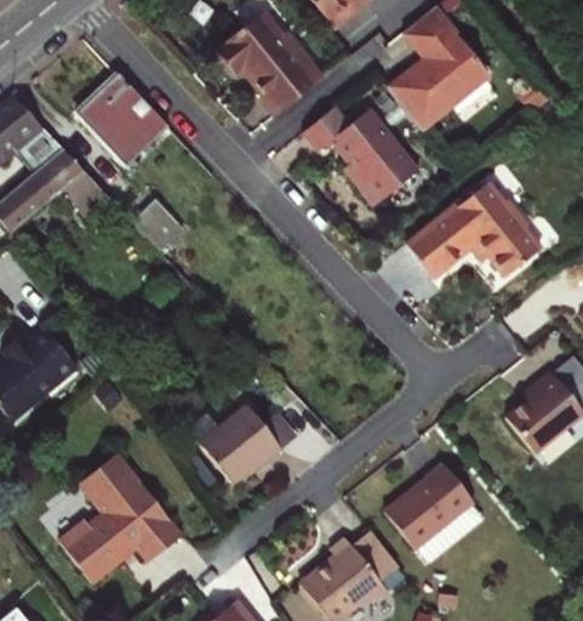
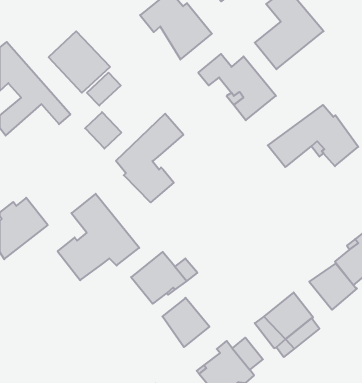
building: none -> [87,73,121,106]
building: none -> [116,114,183,202]
building: none -> [309,263,357,310]
building: [61,451,183,581] -> [58,194,139,280]
building: none -> [162,298,209,347]

